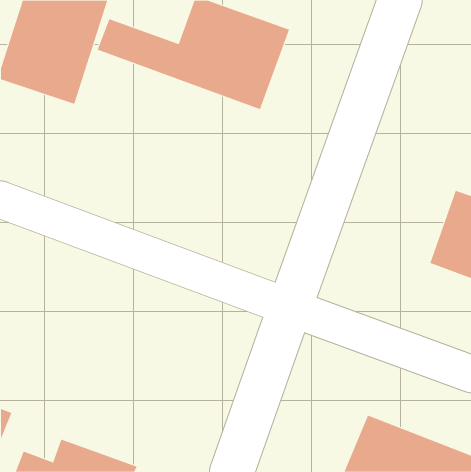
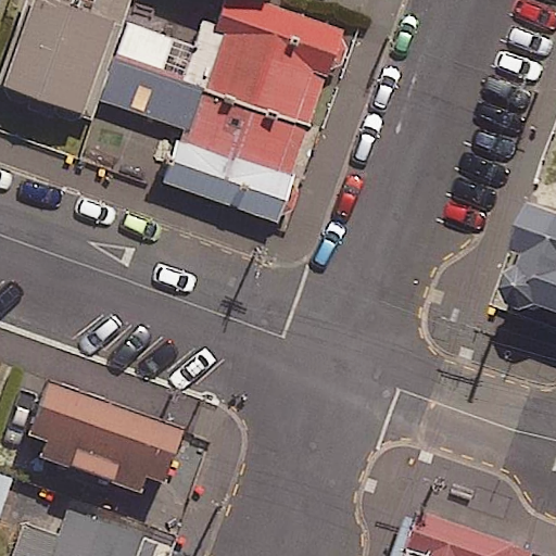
building: none -> [101,59,307,222]
building: none -> [30,382,185,492]

